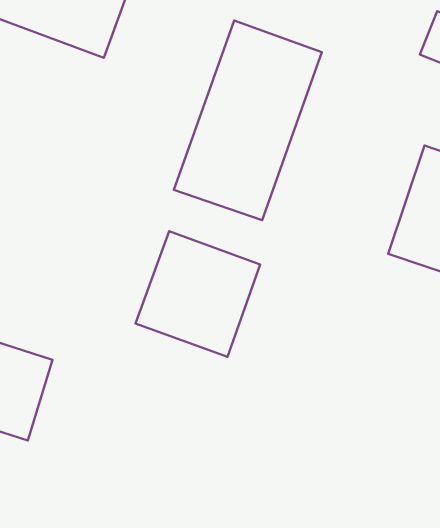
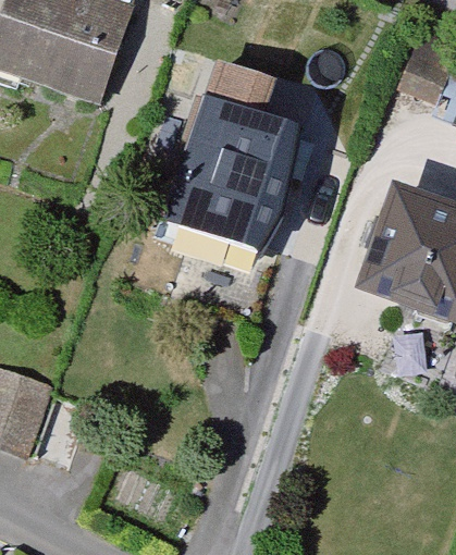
building: [135,231,260,357] -> none

